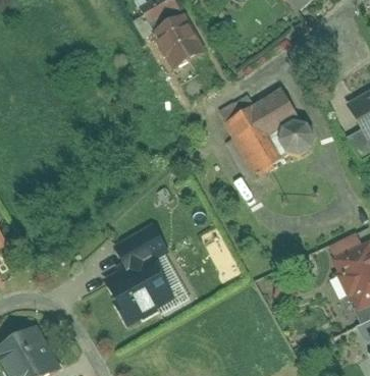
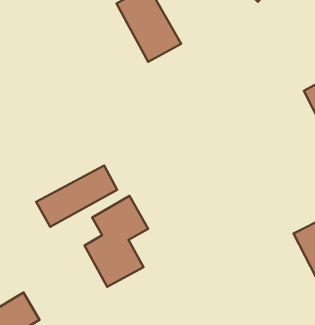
building: [225,91,303,171] -> none
building: none -> [36,165,117,227]

